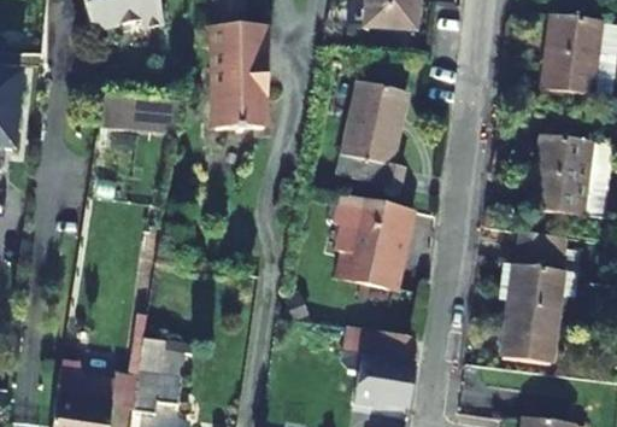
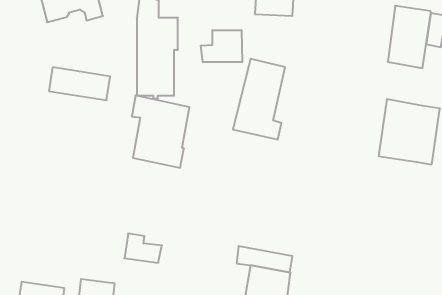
building: none -> [201,30,242,62]
building: [334,194,410,289] -> [132,95,189,168]
building: [499,229,576,363] -> none
building: [139,339,188,378] -> [124,233,162,263]

